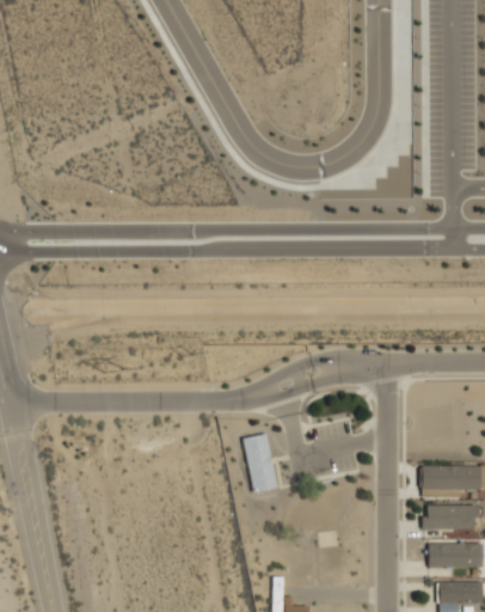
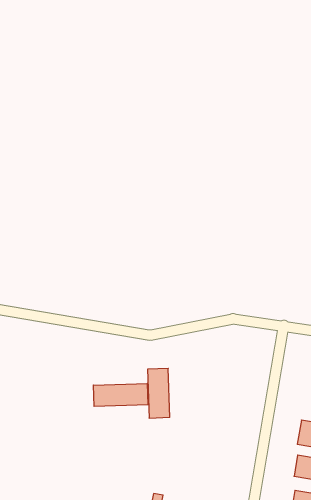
building: none -> [93,383,148,406]

